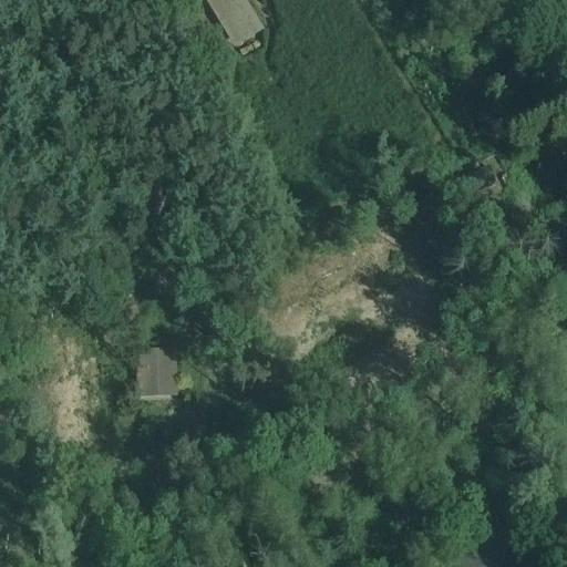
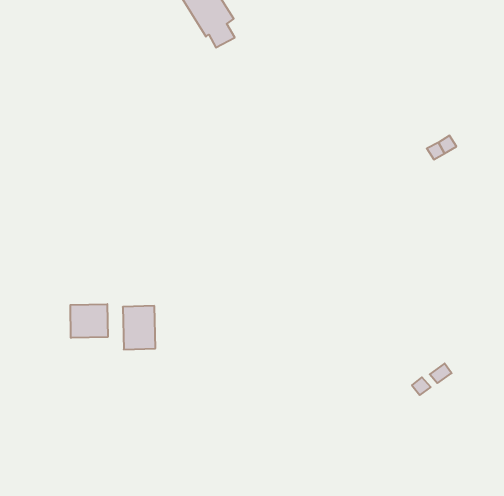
building: none -> [70,304,108,338]

